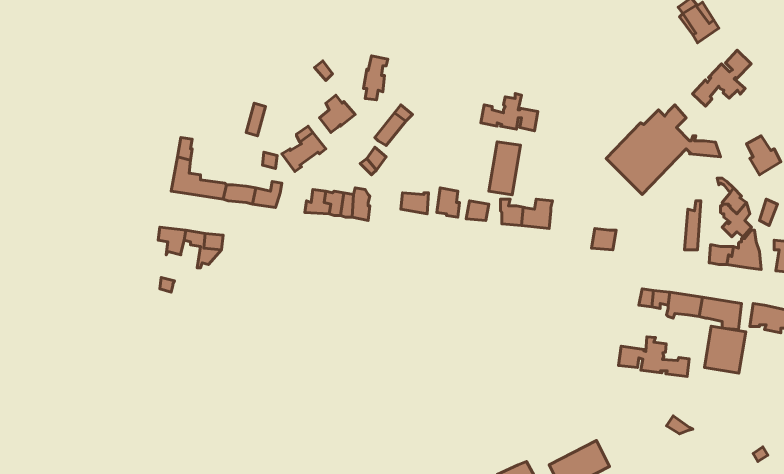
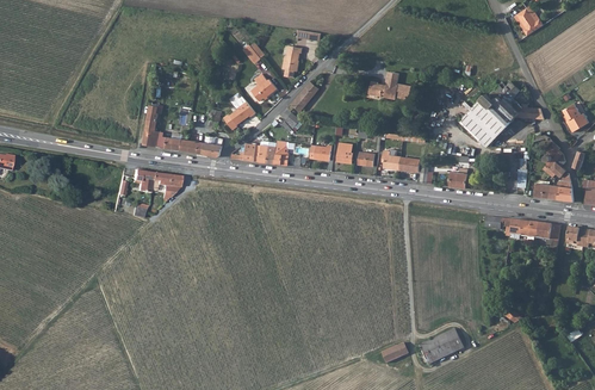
building: [692,50,751,106] -> none
building: [489,142,520,195] -> none
building: [704,326,746,373] -> none
building: [618,337,689,377] -> none

